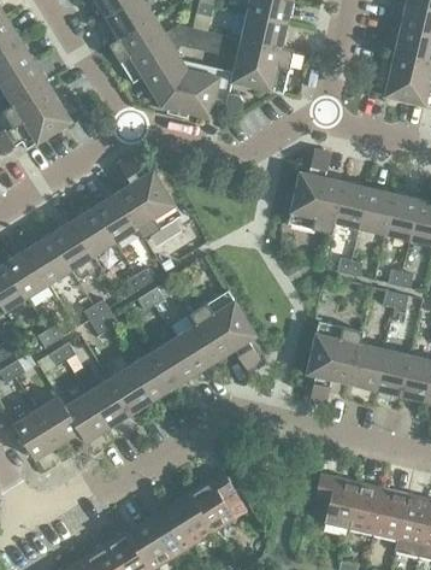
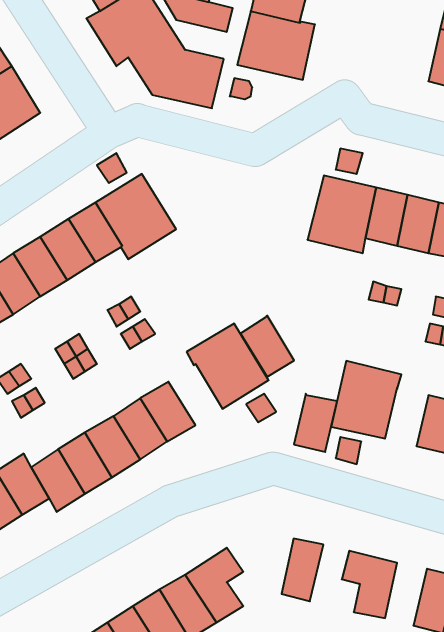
building: [175,323,218,372] -> [240,316,294,377]
building: [349,342,384,389] -> [294,394,337,452]
building: [349,483,383,534] -> [282,539,323,601]

